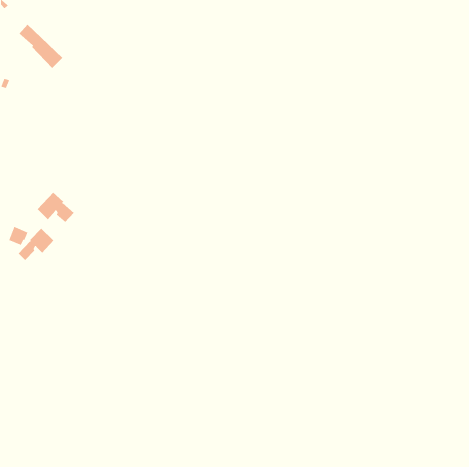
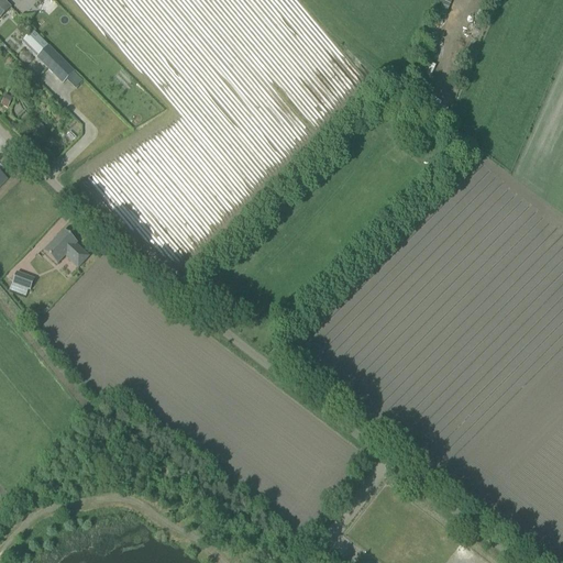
building: [18,228,54,261] -> none

